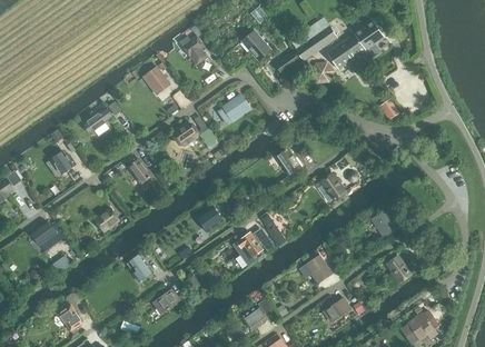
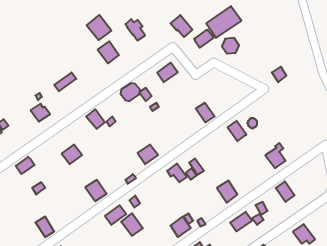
building: [326,20,384,71] -> none
building: none -> [87,15,111,40]
building: none -> [121,213,143,236]

